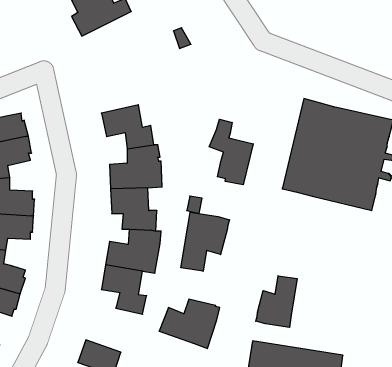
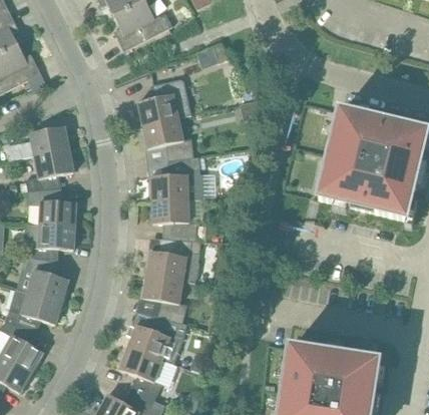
building: none -> [137,76,191,124]
building: [209,119,253,185] -> none
building: [181,212,229,271] -> none
building: [256,276,297,327] -> none
building: [159,299,220,349] -> [127,315,186,363]

